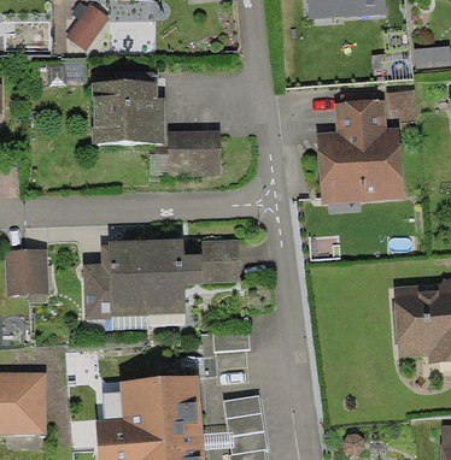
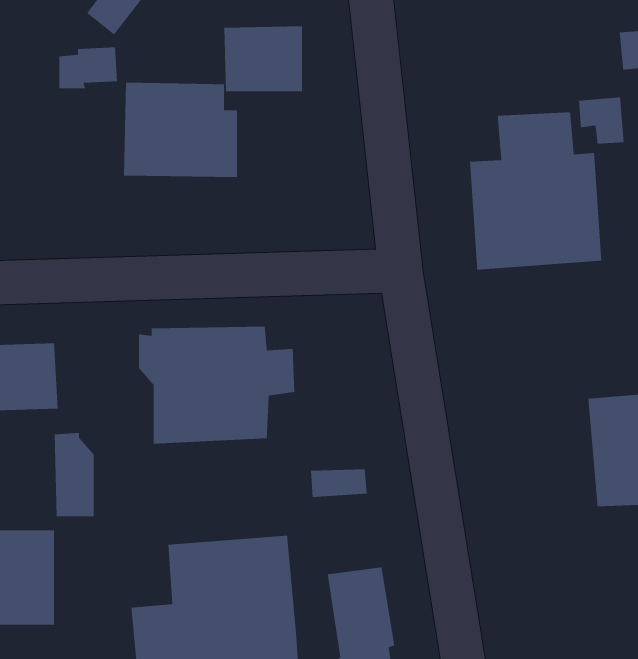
building: [168,130,219,173] -> [223,25,303,92]
building: [201,240,239,283] -> none
building: [83,264,110,319] -> [54,432,95,517]

